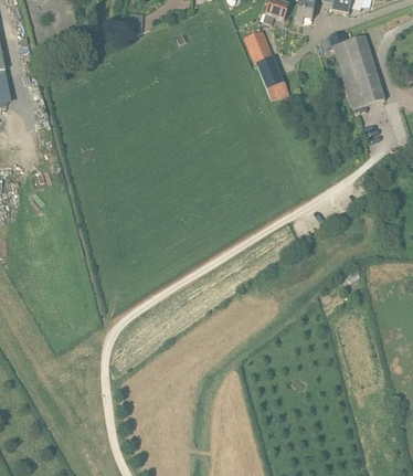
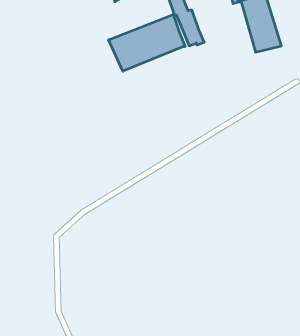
building: none -> [109,15,185,71]

